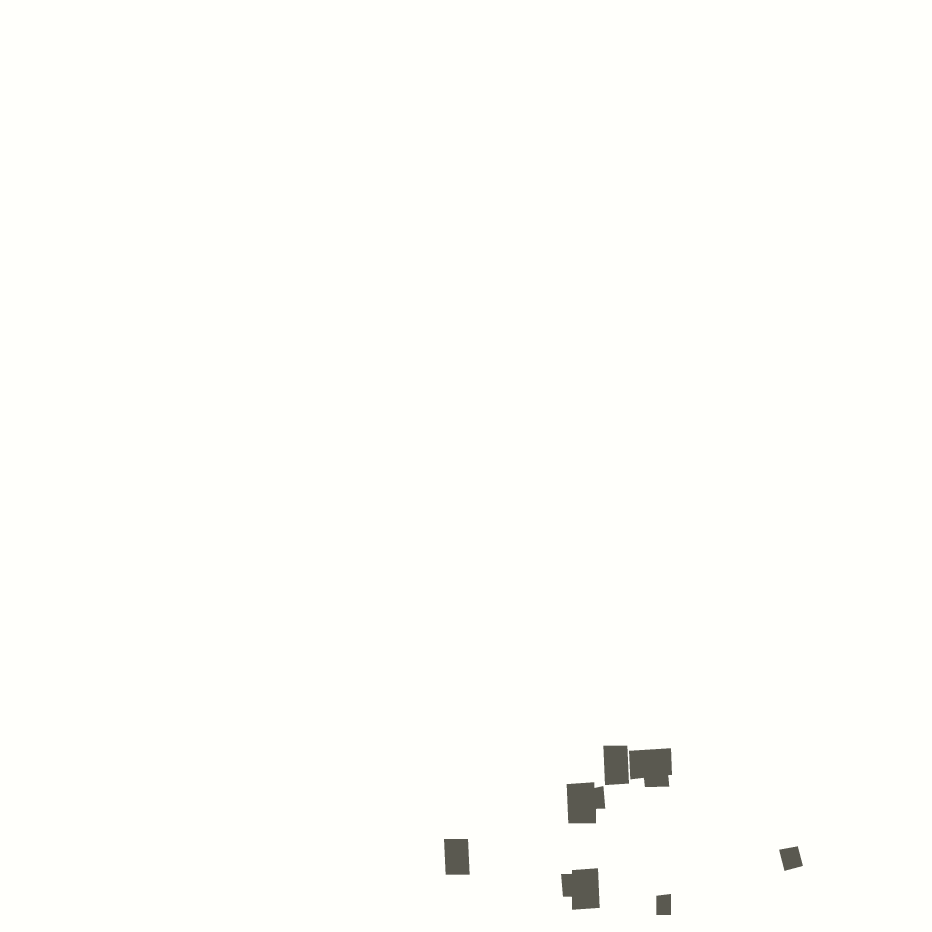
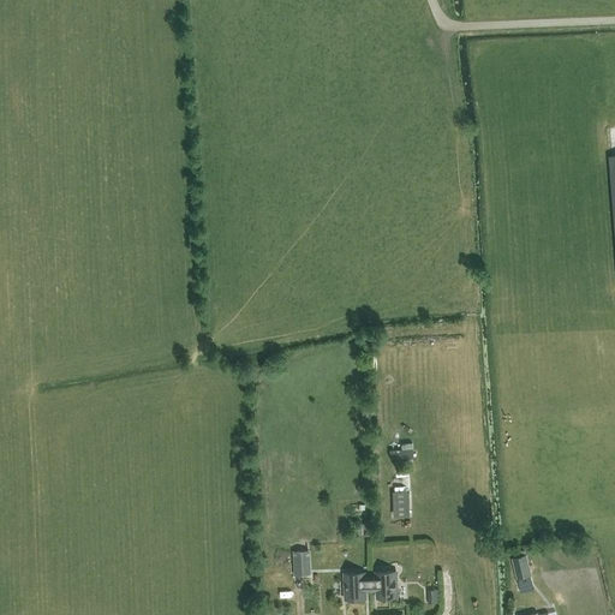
building: [628,747,673,788] -> none
building: [566,782,606,824] -> [342,573,369,601]

